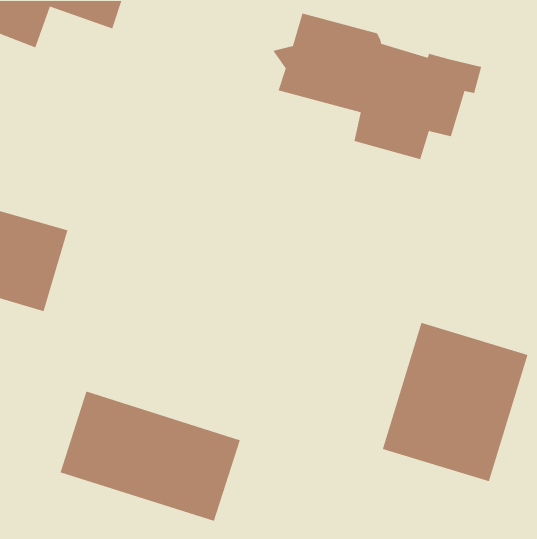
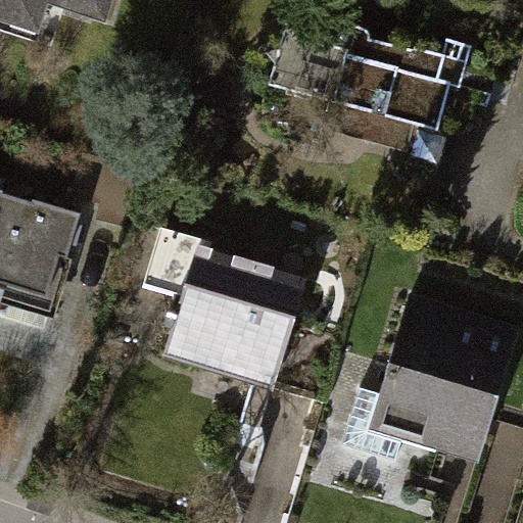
building: none -> [153,241,301,383]
building: [59,391,241,522] -> none

